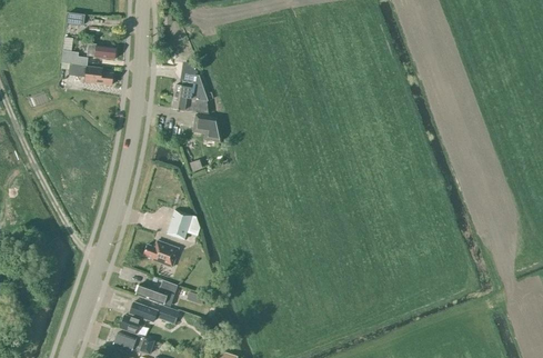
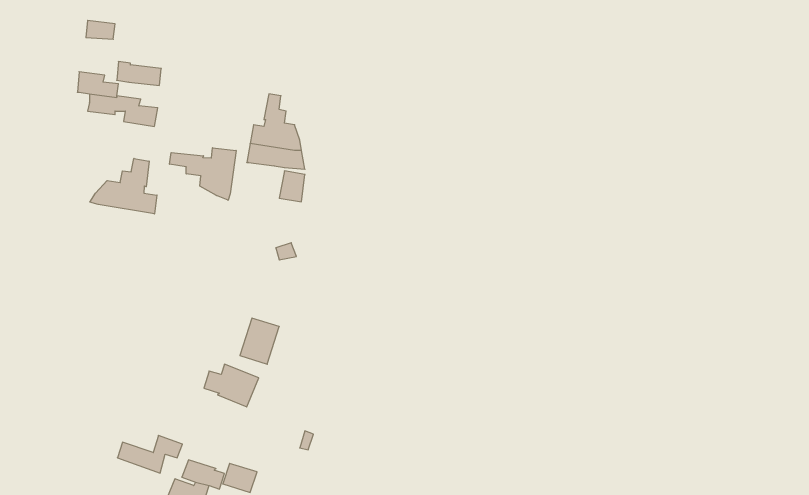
building: none -> [170,148,236,200]
building: none -> [90,158,157,214]
building: [137,280,179,305] -> [117,435,182,473]

